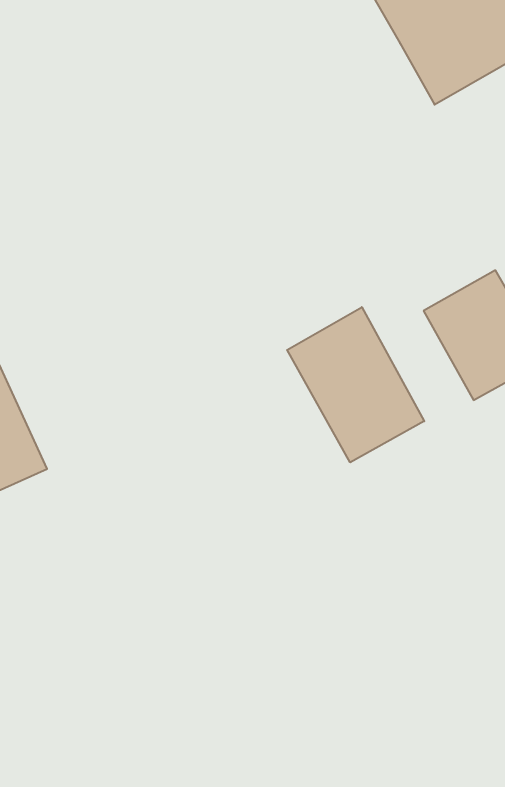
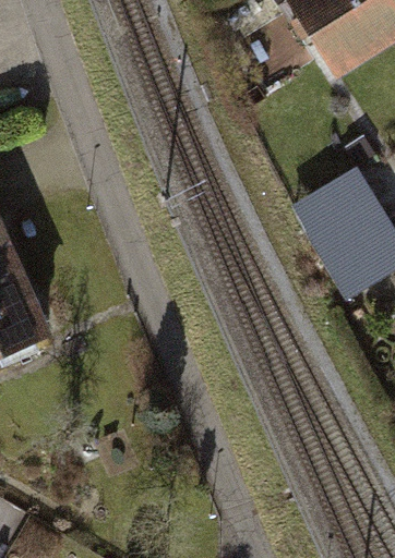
building: [287,307,424,462] -> none

